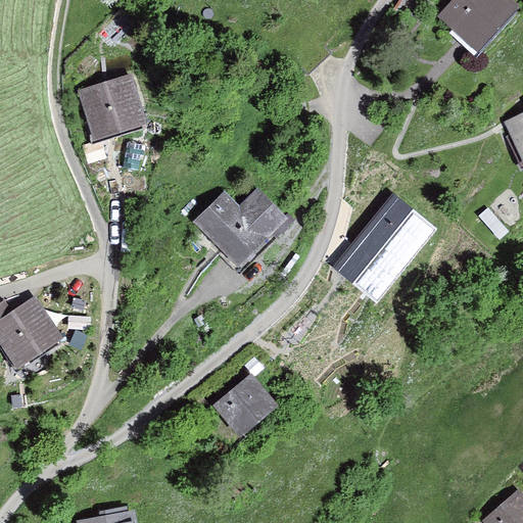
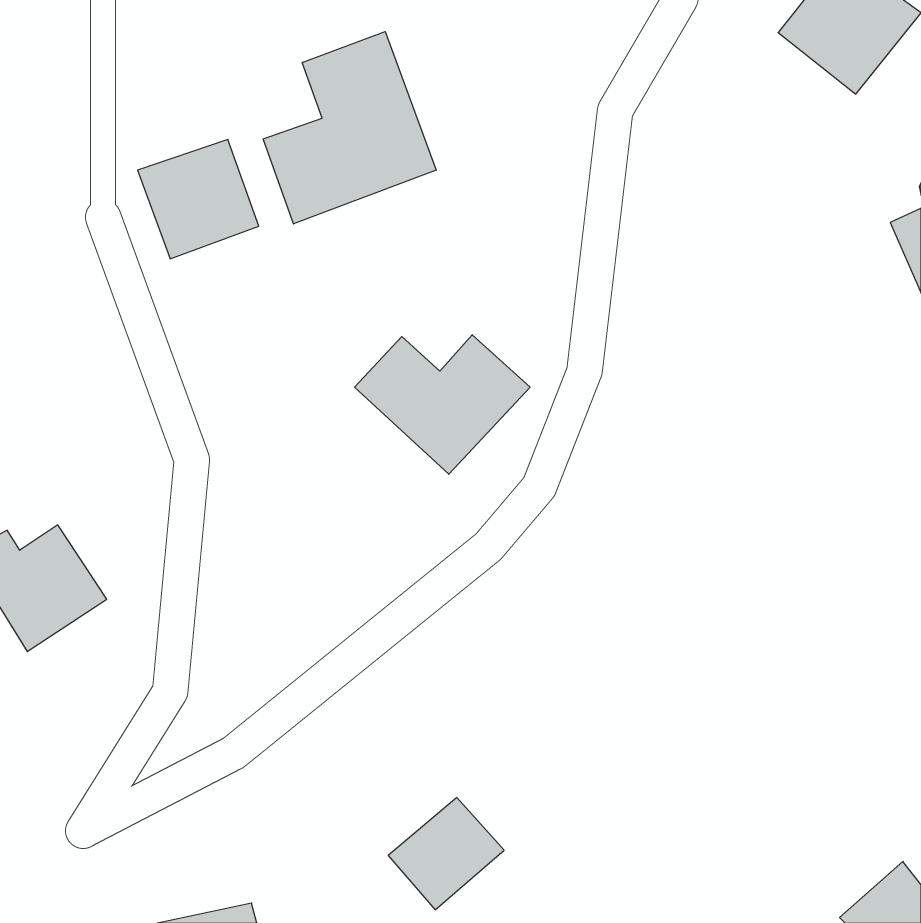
building: none -> [263,32,436,224]
building: [334,195,434,301] -> none
building: [209,374,275,437] -> [388,798,504,910]

